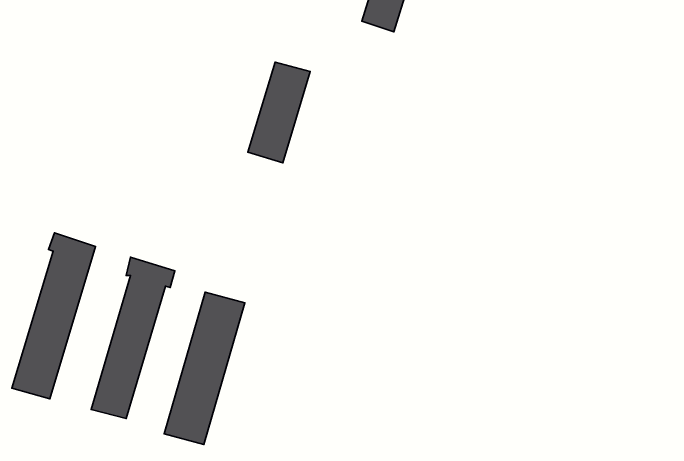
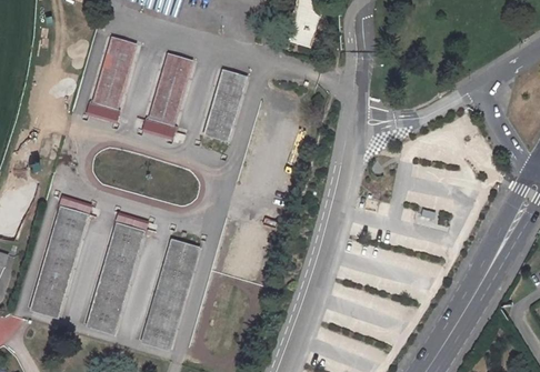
building: none -> [86,38,136,122]
building: none -> [142,54,192,139]

